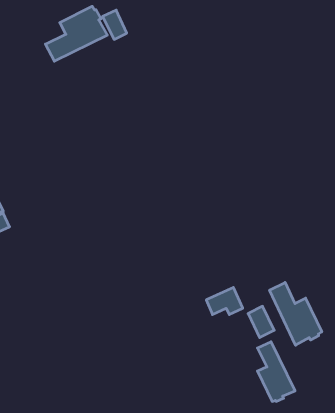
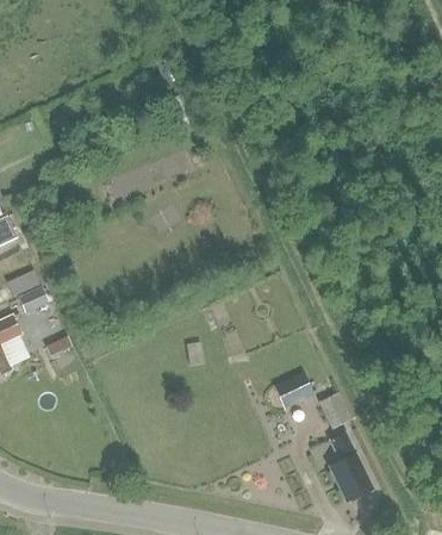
building: [45,6,107,61] -> none
building: [270,282,322,345] -> none

